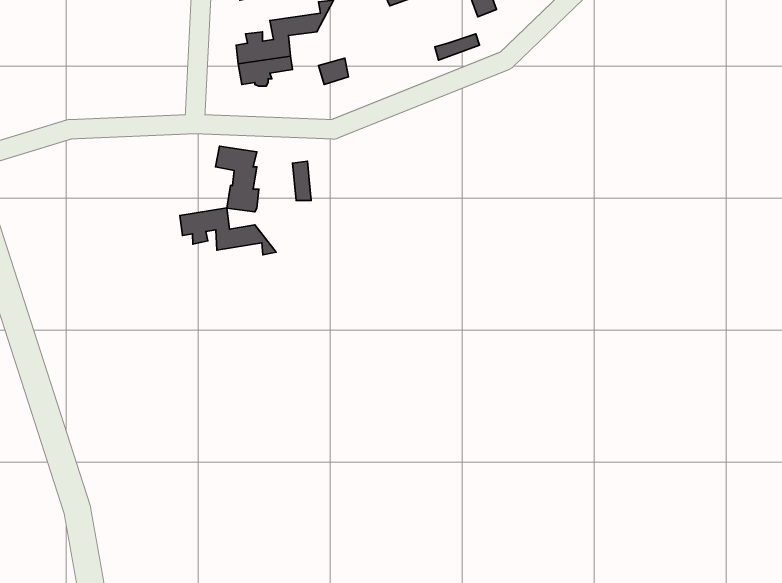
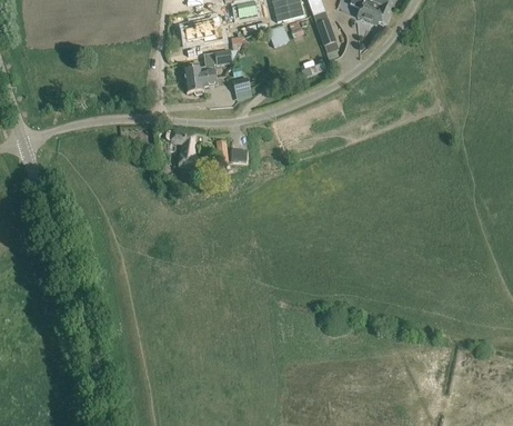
building: [180,208,276,255] -> none

